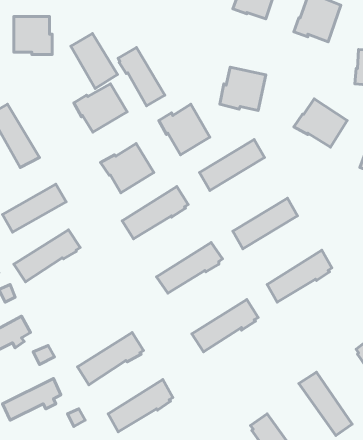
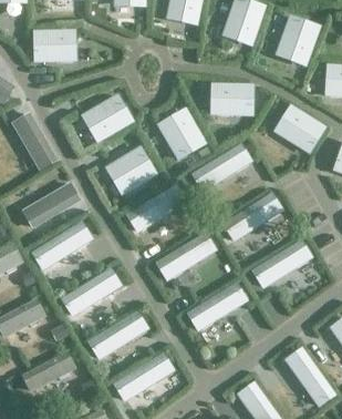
building: [71,33,117,88] -> none
building: [118,47,165,106] -> none
building: none -> [62,269,118,315]

